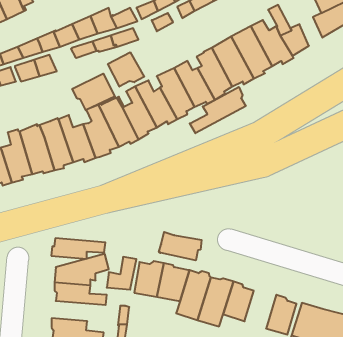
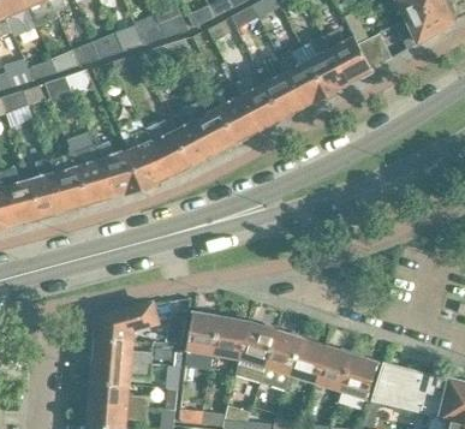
building: [108,52,144,87] -> none
building: [72,74,115,110] -> none
building: [190,87,246,133] -> none
building: [159,232,202,260] -> none
building: [51,238,105,259] -> [88,359,151,383]
building: none -> [315,347,352,392]

